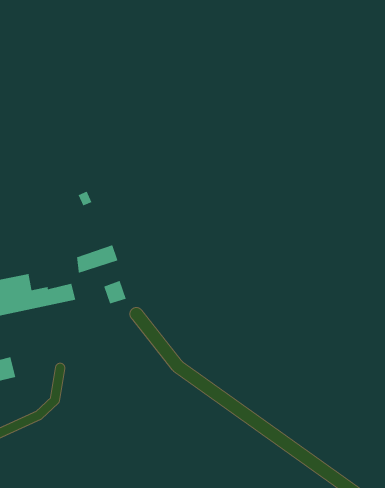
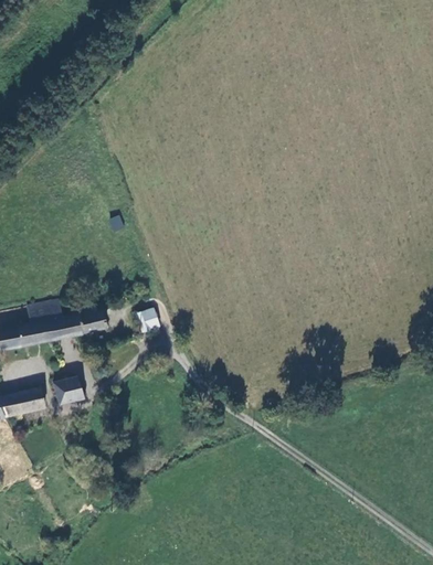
building: [76,244,118,274] -> none
building: none -> [55,377,84,403]

